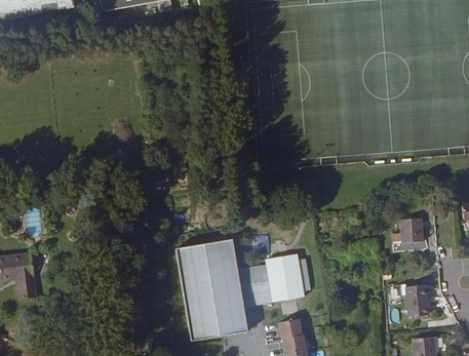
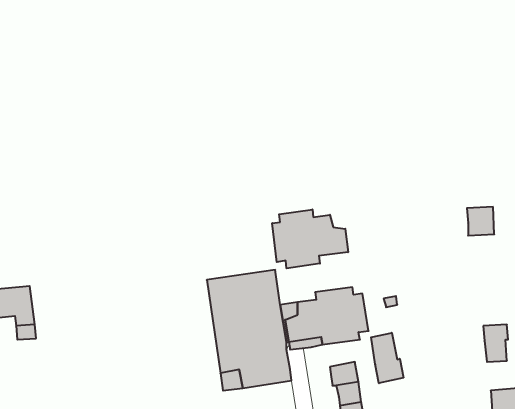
building: none -> [272,209,348,268]
building: [401,221,424,244] -> [467,207,494,236]
building: none -> [371,333,403,383]

